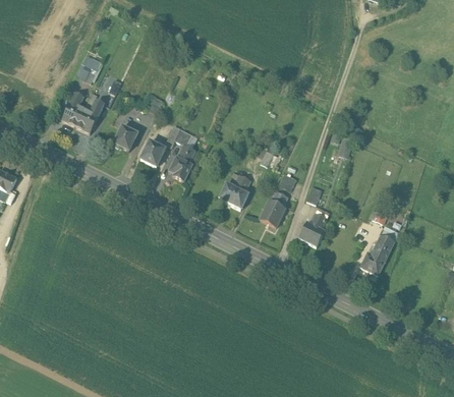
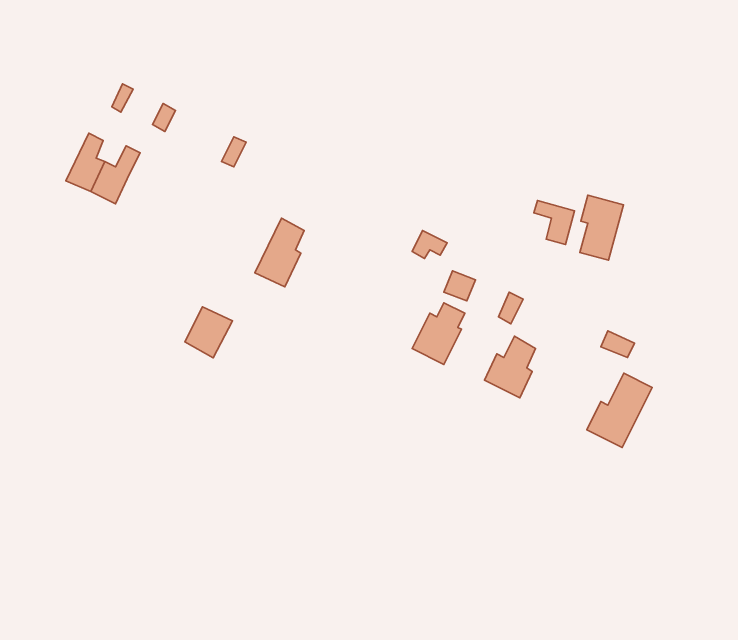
building: [112,124,139,153] -> none
building: none -> [580,195,624,260]
building: [140,139,168,169] -> [185,307,233,358]
building: [219,174,252,211] -> none

